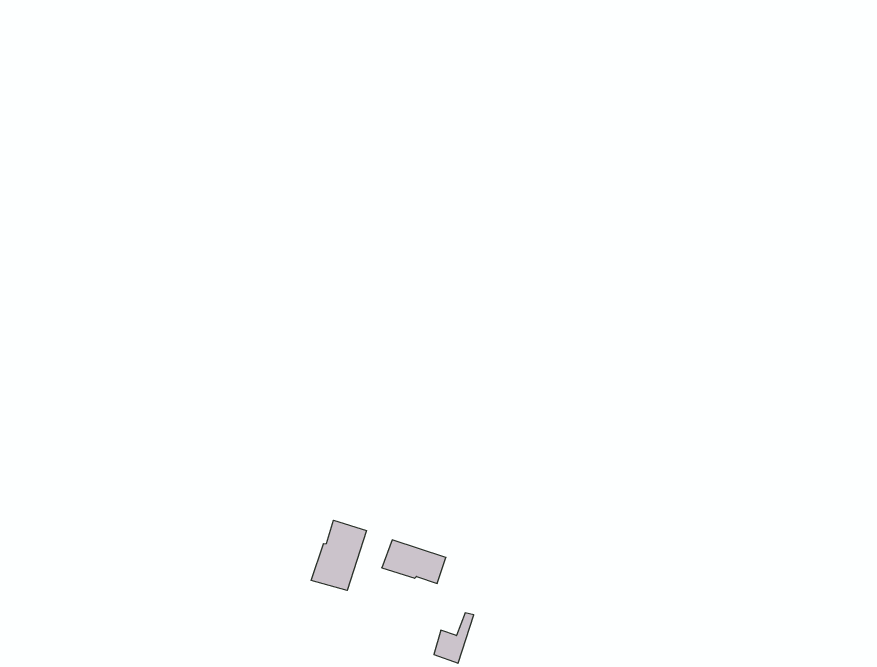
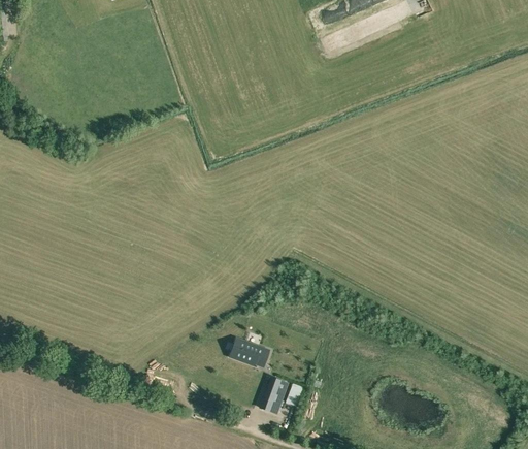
building: [311,520,367,590] -> none

